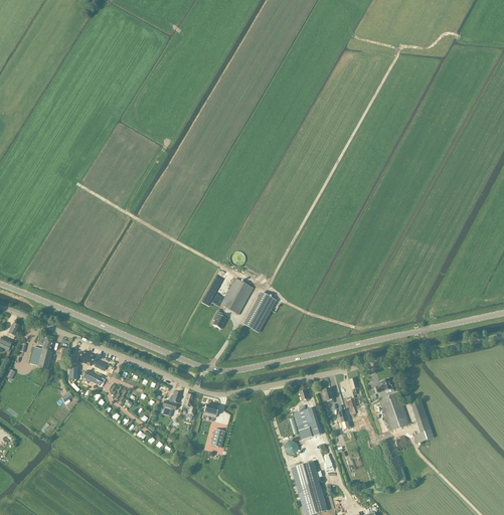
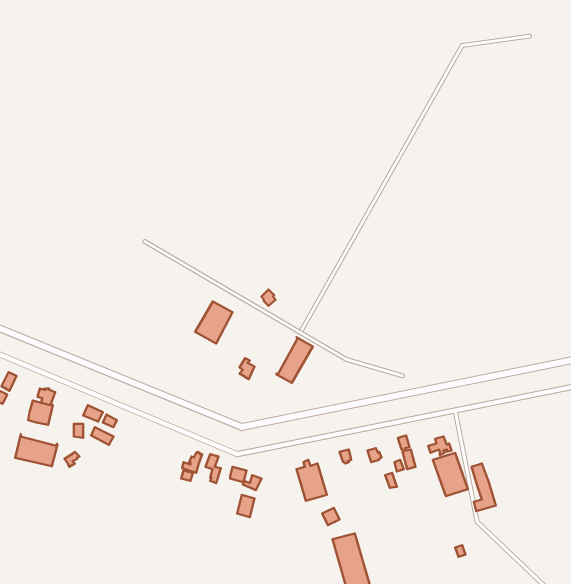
building: [220,279,253,315] -> [195,302,233,344]
building: none -> [15,434,57,466]
building: [294,404,320,440] -> [297,460,327,501]

